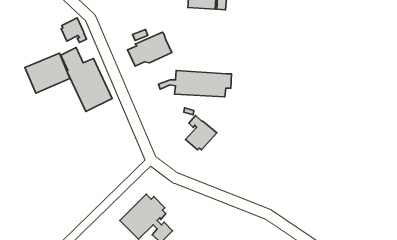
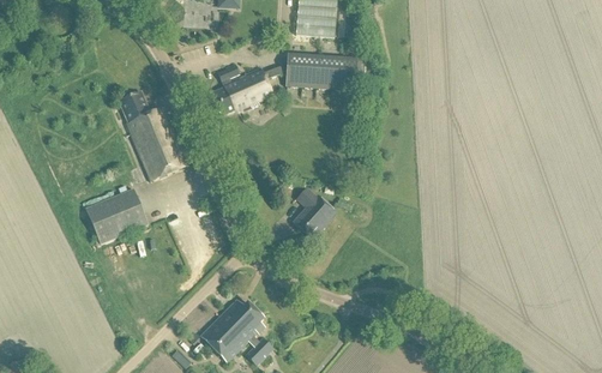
building: [61,18,87,43] -> none
building: [25,53,70,93] -> [84,187,148,243]
building: [158,70,232,97] -> [261,53,365,90]

